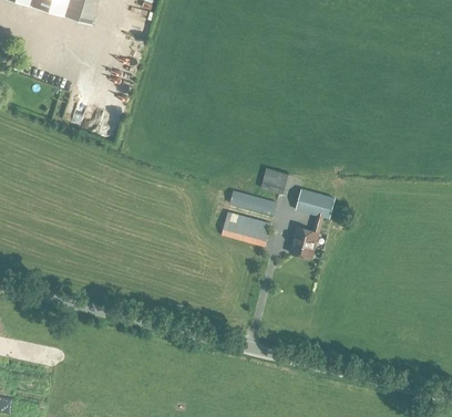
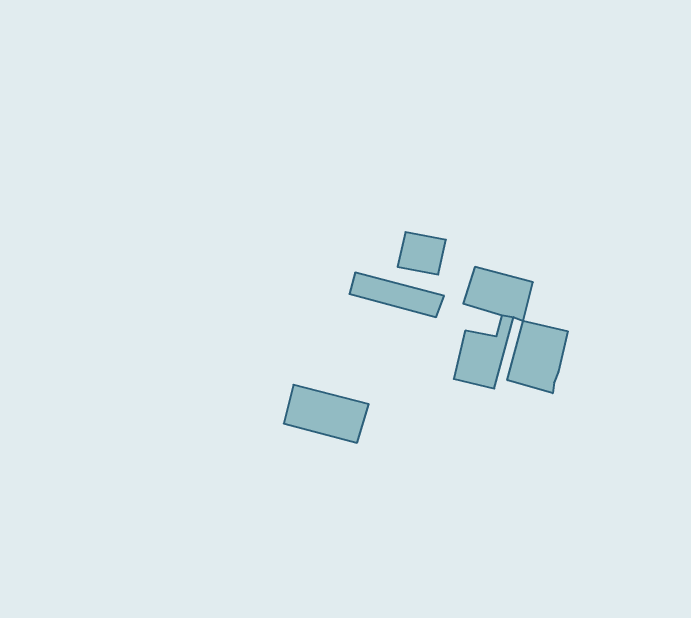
building: [223,212,271,246] -> [284,385,369,443]
building: none -> [507,321,568,393]

